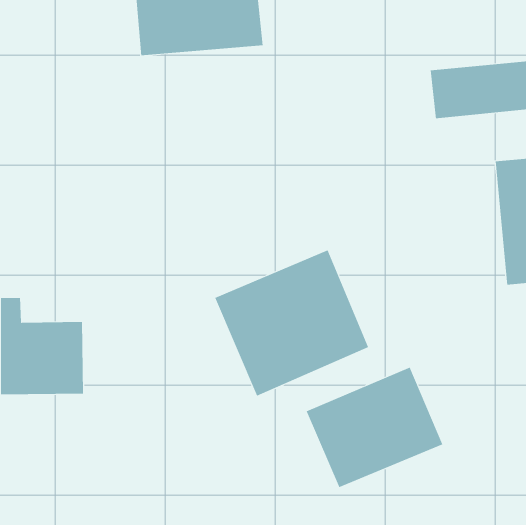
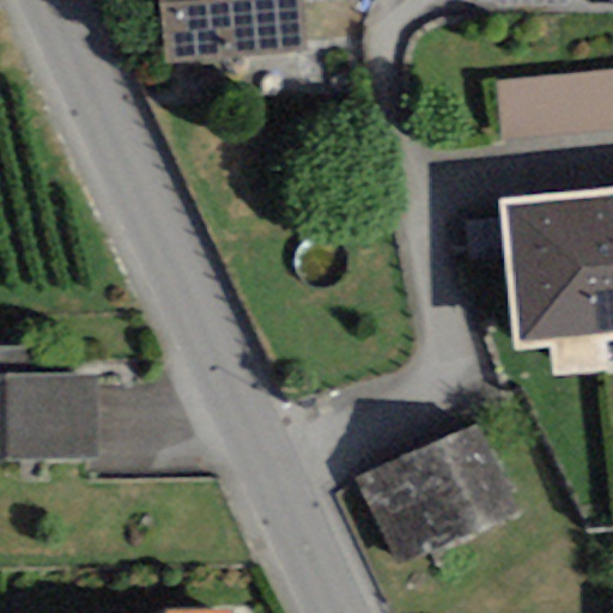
building: none -> [499,187,589,338]
building: [215,249,369,397] -> none

